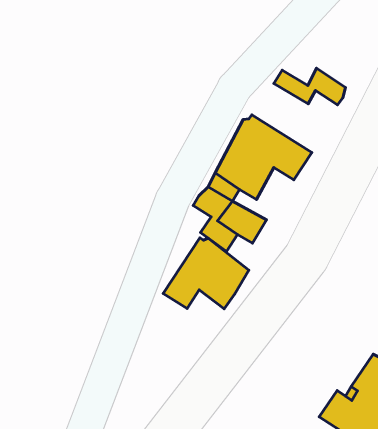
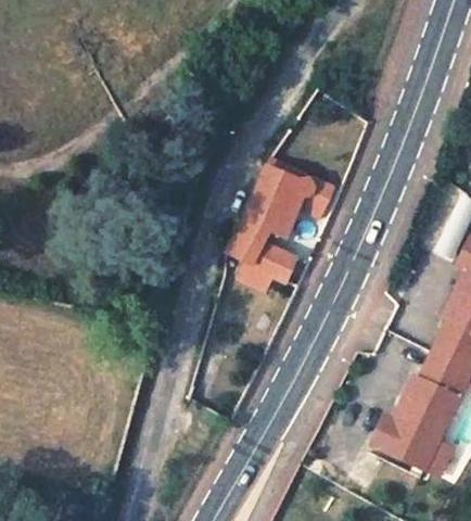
building: [274,68,345,105] -> none
building: [163,238,249,309] -> none

